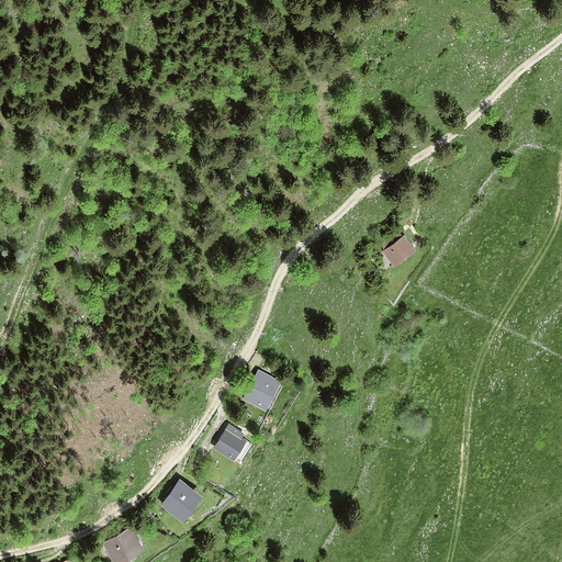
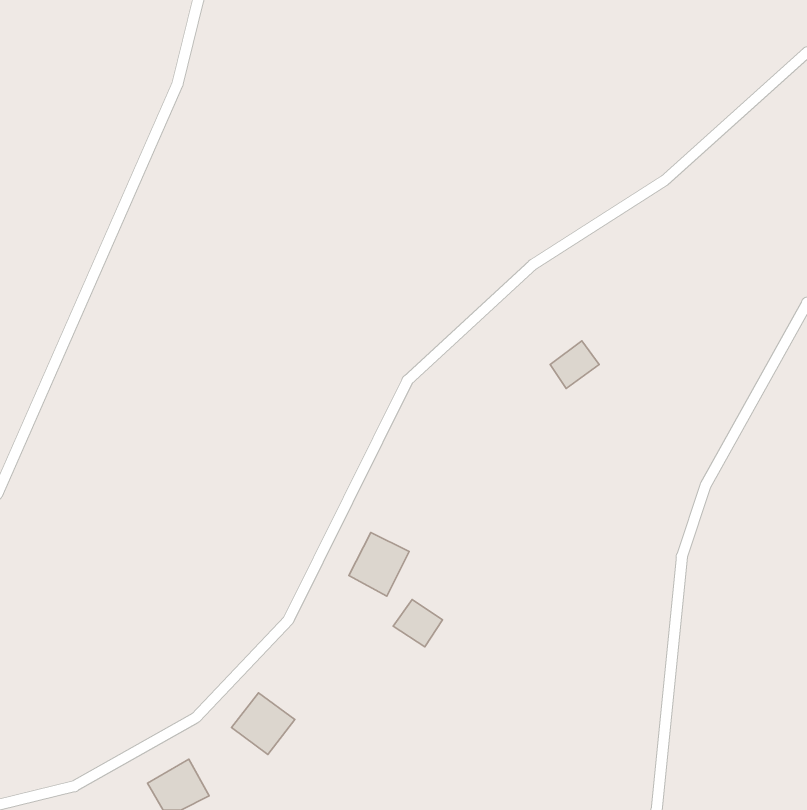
building: [213,429,247,462] -> [393,599,442,647]

